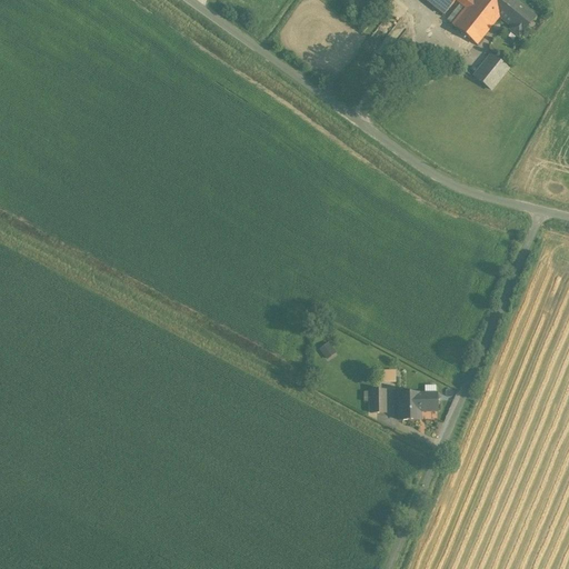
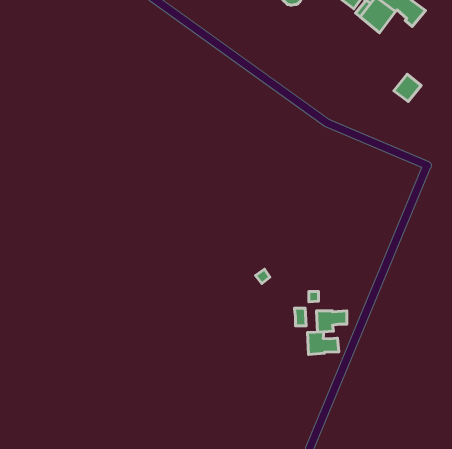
building: [473,51,508,86] -> [394,74,421,101]
building: none -> [308,332,339,354]

